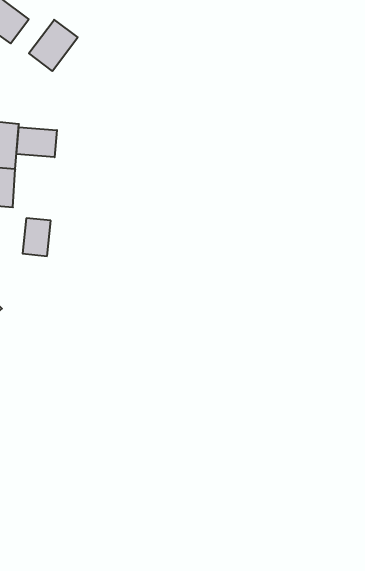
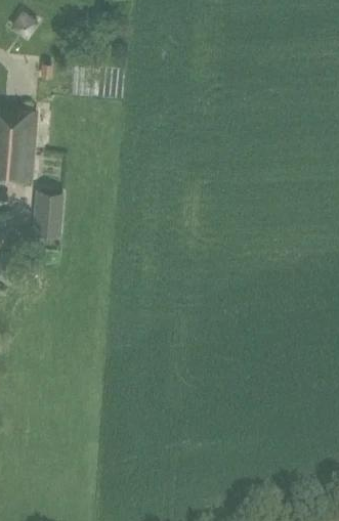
building: [29,20,78,71] -> none
building: [17,127,57,157] -> none

